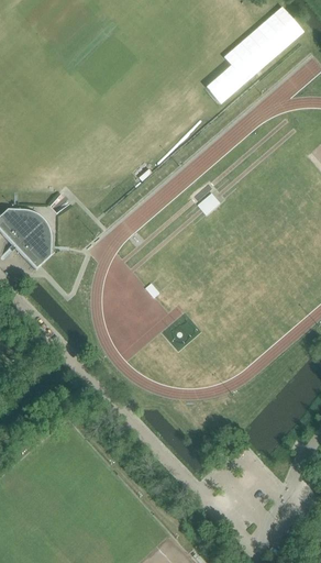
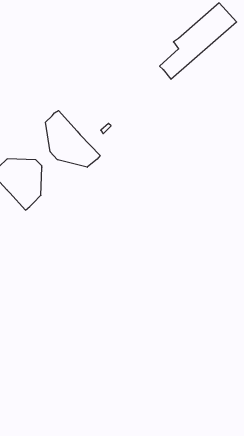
building: none -> [45,111,100,167]

